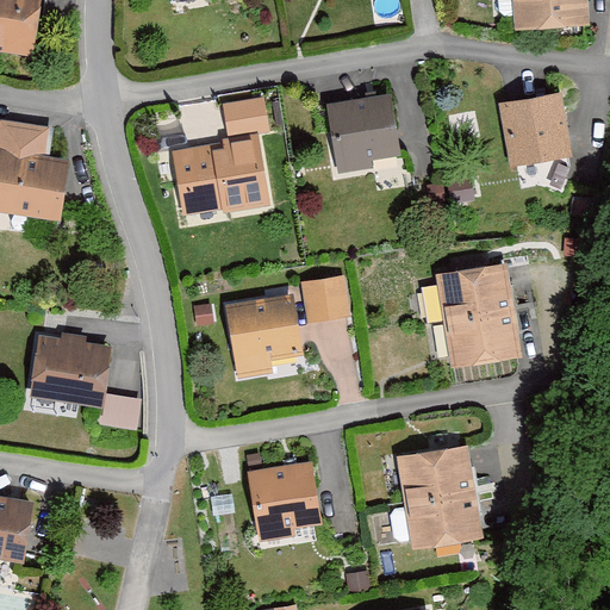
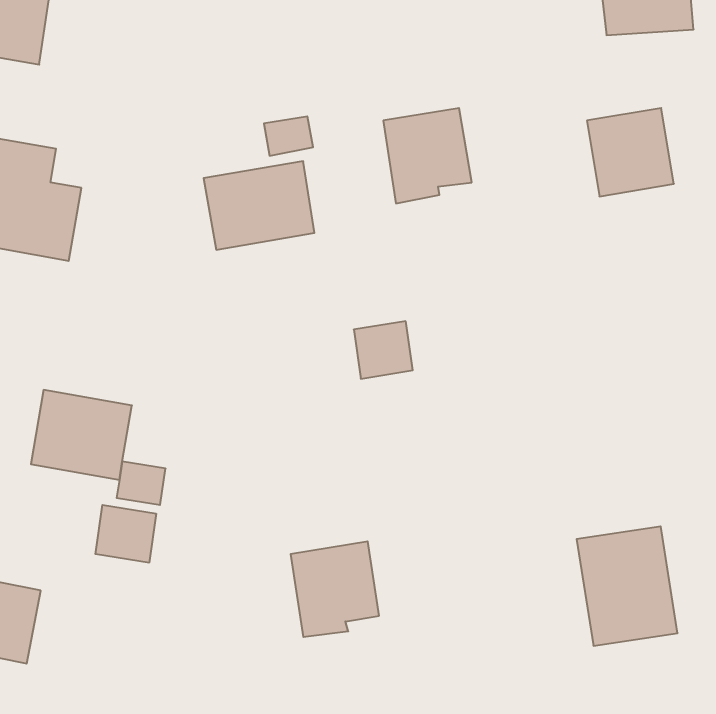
building: [434,261,522,369] -> none
building: [224,291,305,378] -> none
building: none -> [95,505,156,563]
building: [396,444,481,546] -> [577,526,678,646]

